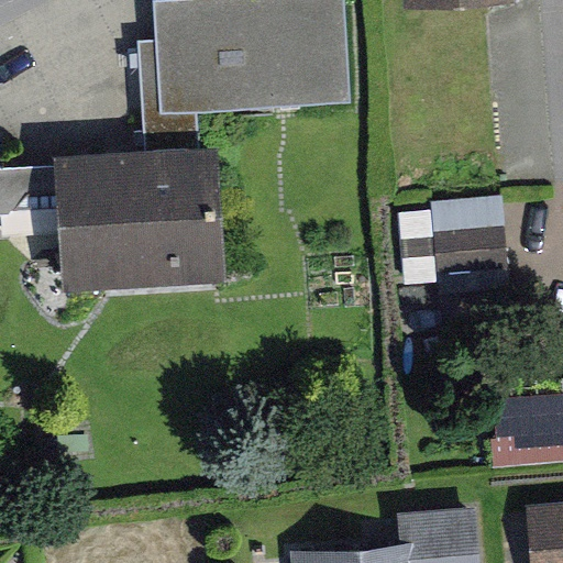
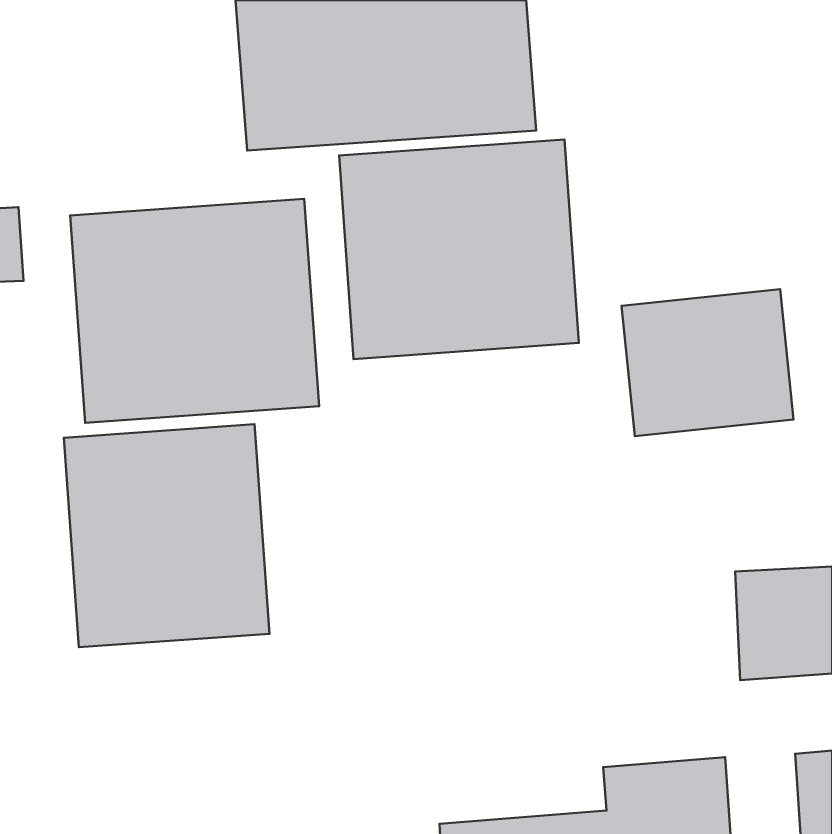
building: none -> [339,139,579,359]
building: none -> [64,424,269,647]

